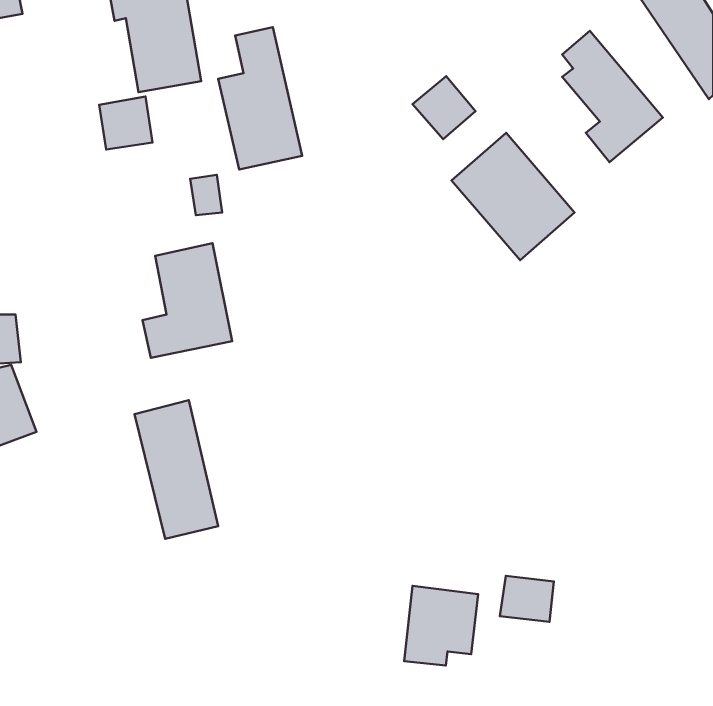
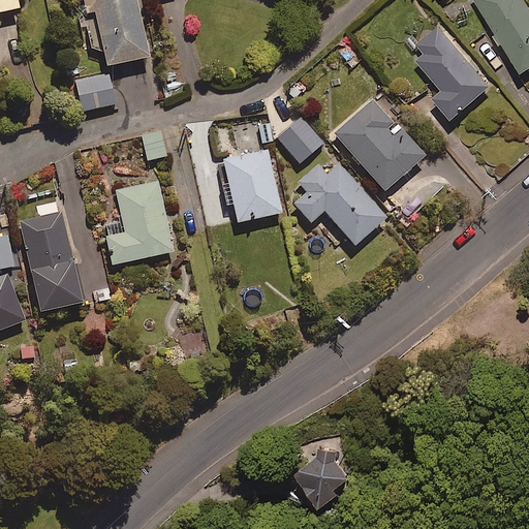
building: [218,27,302,170] -> [220,120,282,225]
building: [413,76,475,139] -> [276,117,322,163]
building: none -> [292,164,384,247]
building: [134,400,218,539] -> [23,210,85,312]
building: [500,576,554,622] -> none

